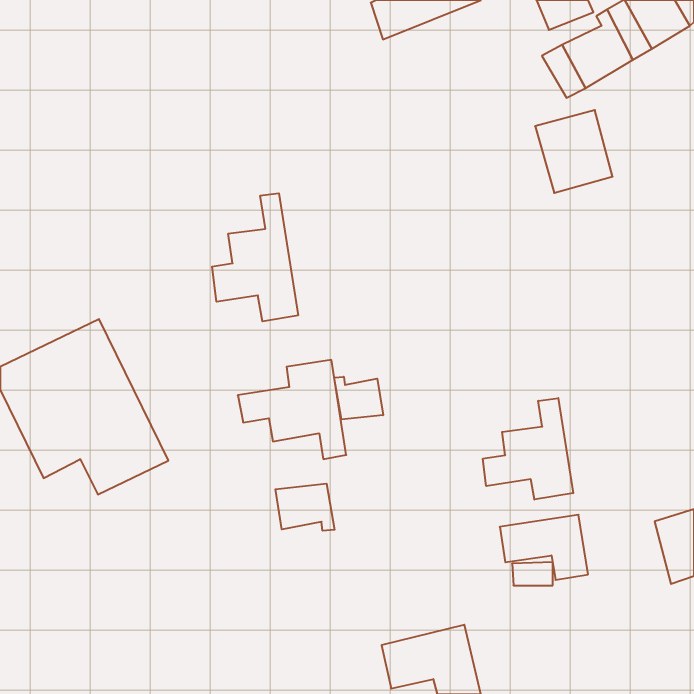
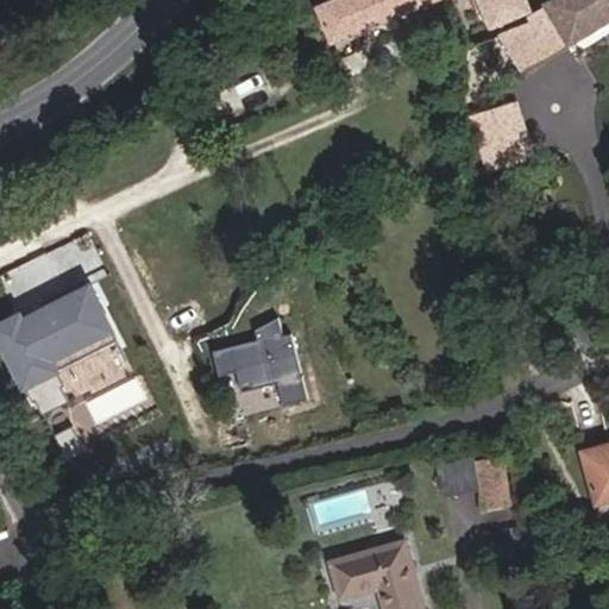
building: [212,193,298,321] -> none
building: [334,377,383,420] -> none
building: [483,398,573,500] -> none
building: [275,484,335,531] -> none

